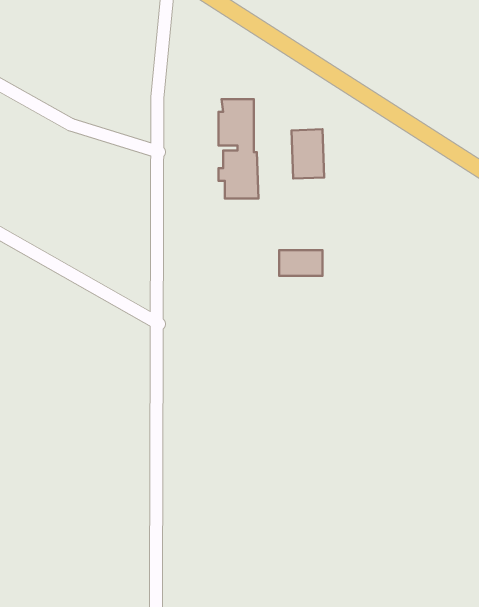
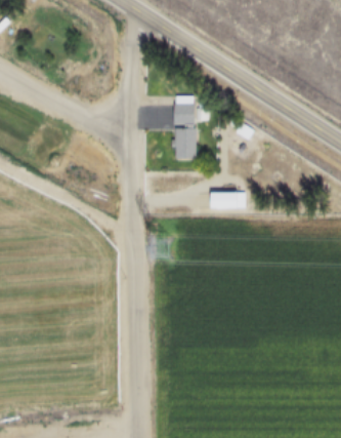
building: [292,129,324,179] -> none

